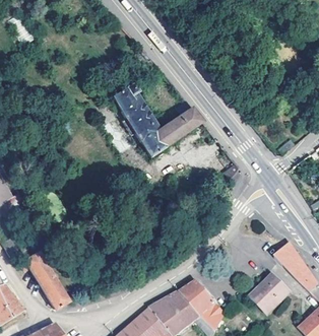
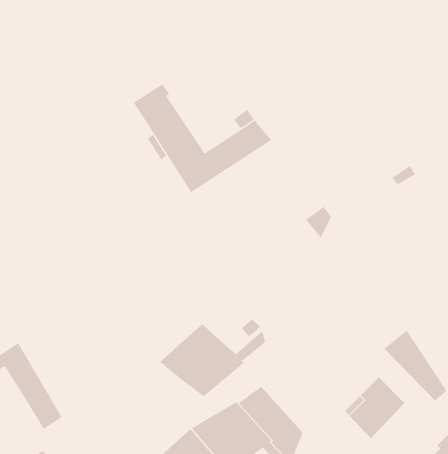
building: none -> [159,323,266,397]

